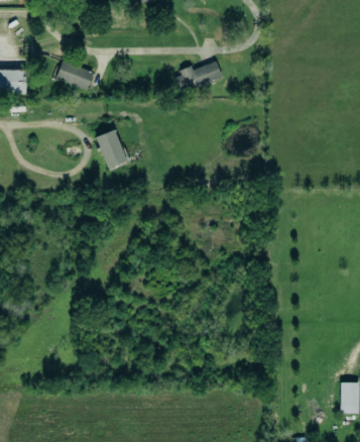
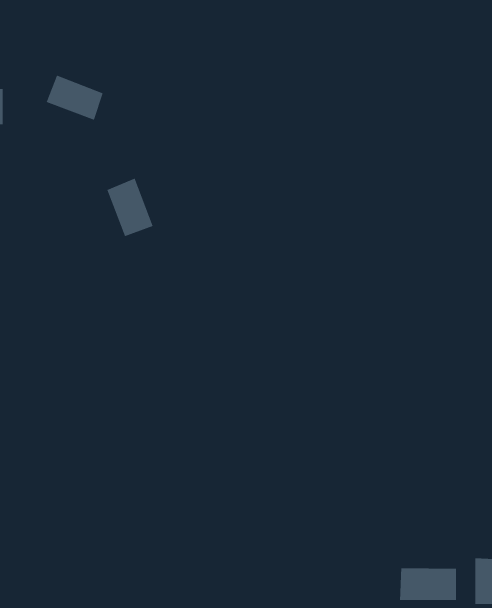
building: [174,62,222,93] -> none
building: none -> [400,567,457,601]

